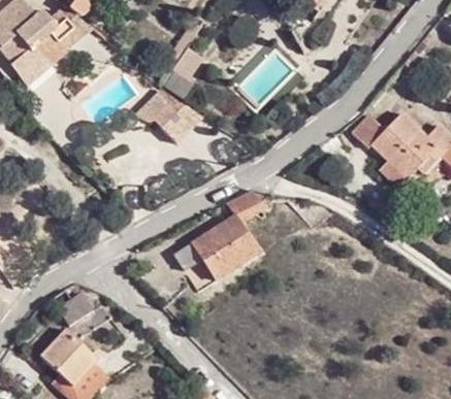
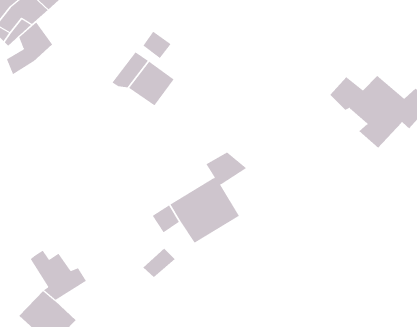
building: none -> [6,21,53,75]

